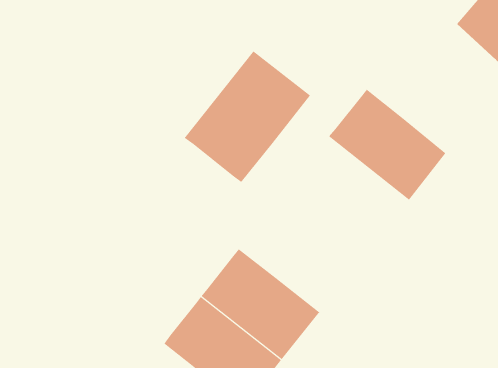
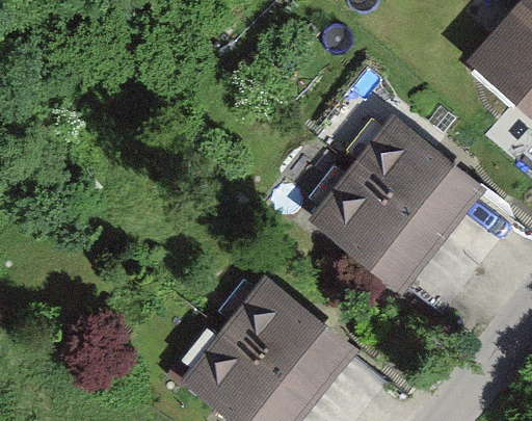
building: [184,51,311,183] -> none
building: none -> [314,172,433,285]

